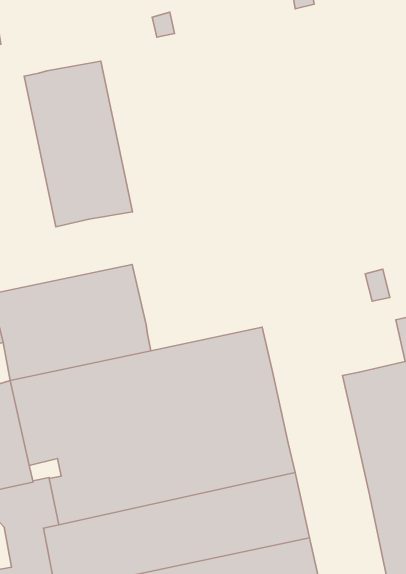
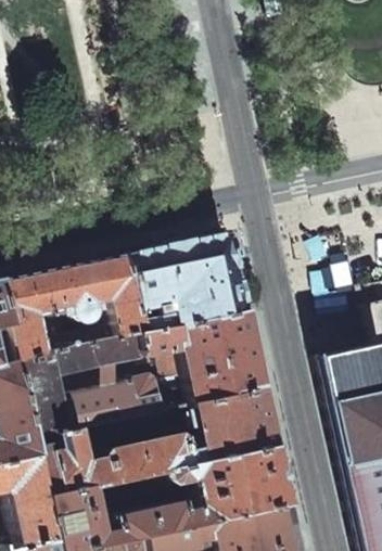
building: [24,61,132,227] -> none
building: none -> [129,234,249,335]

